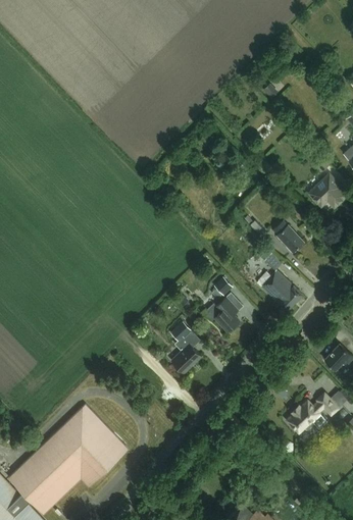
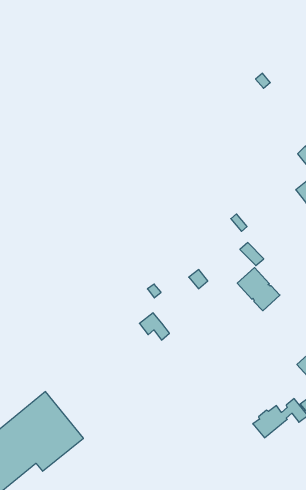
building: [272,221,304,253] -> none
building: [214,299,240,333] -> none
building: [171,345,201,374] -> none

